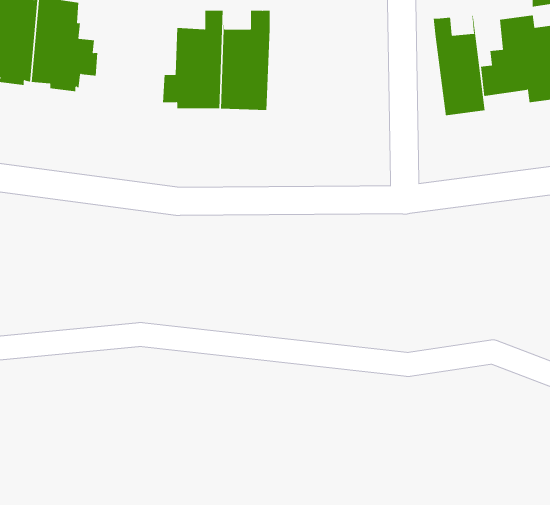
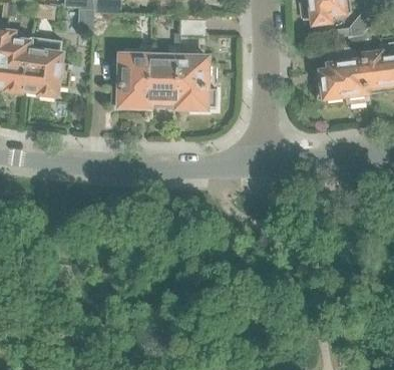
building: [433,15,485,116] -> none
building: none -> [177,56,216,109]

